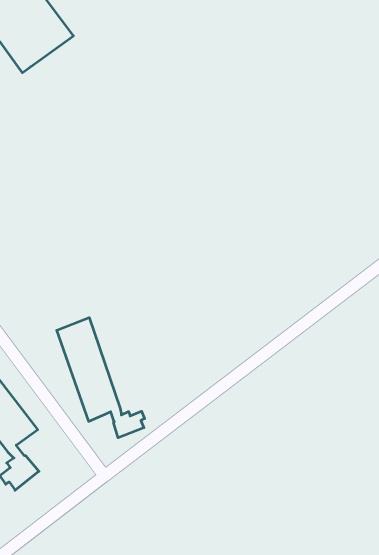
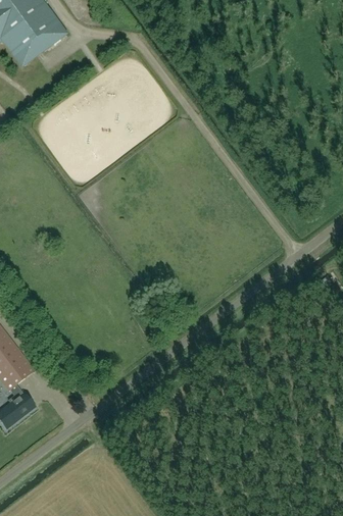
building: [57,318,145,438] -> none

